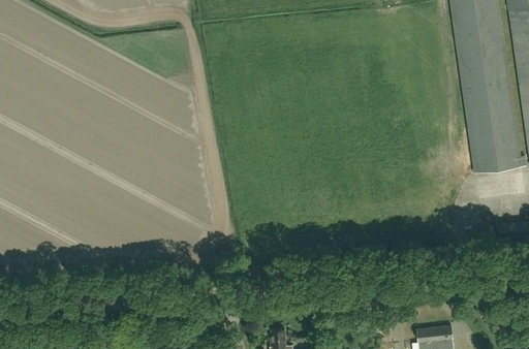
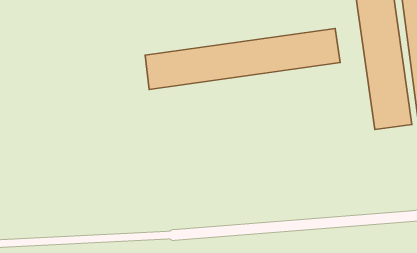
building: none -> [145,29,340,89]

